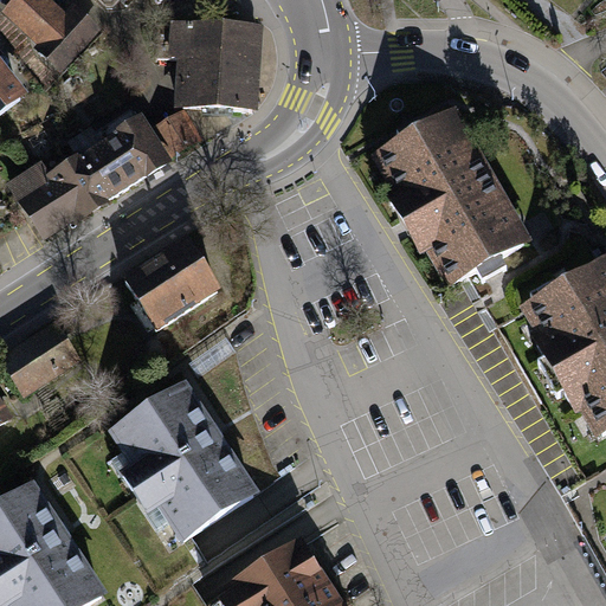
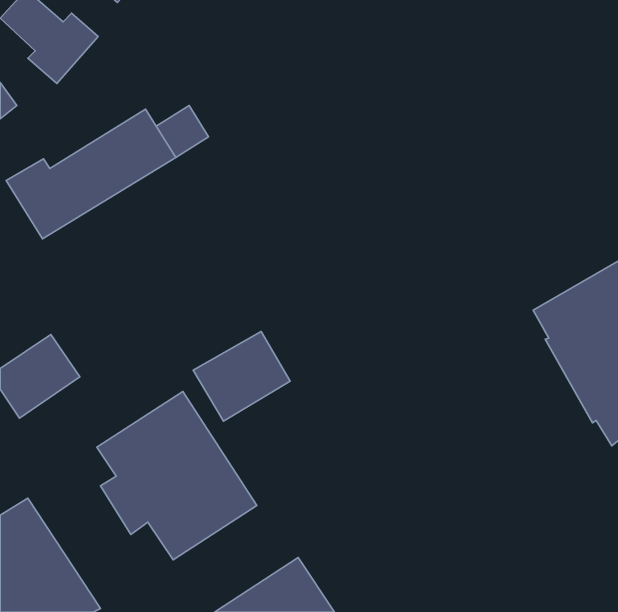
building: [170,14,263,103] -> none
building: [373,104,534,285] -> none
building: [121,243,215,330] -> [193,331,290,421]

